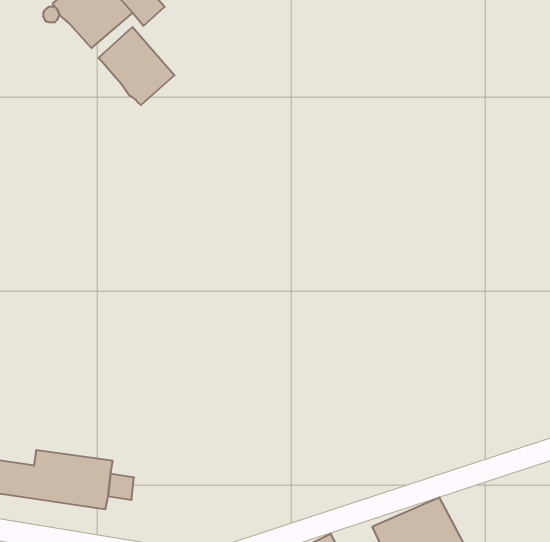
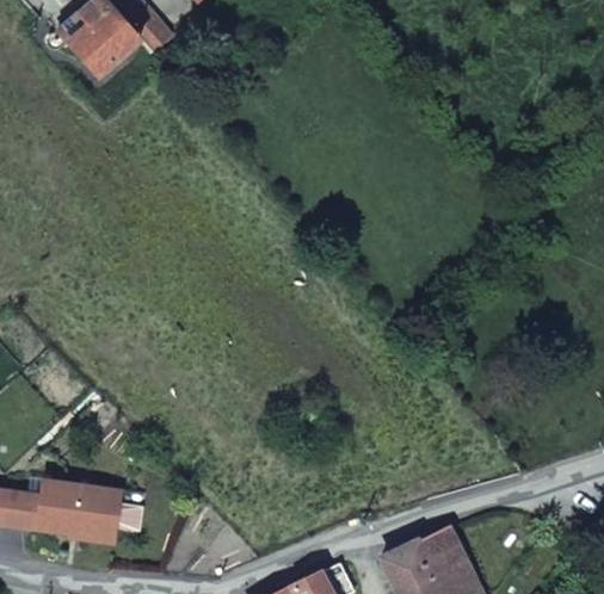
building: [98,27,175,105] -> none

